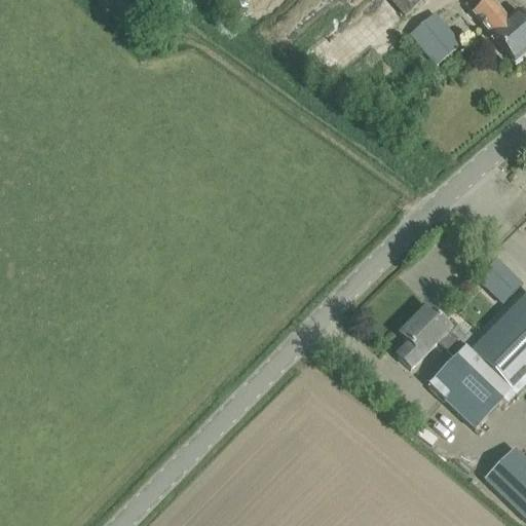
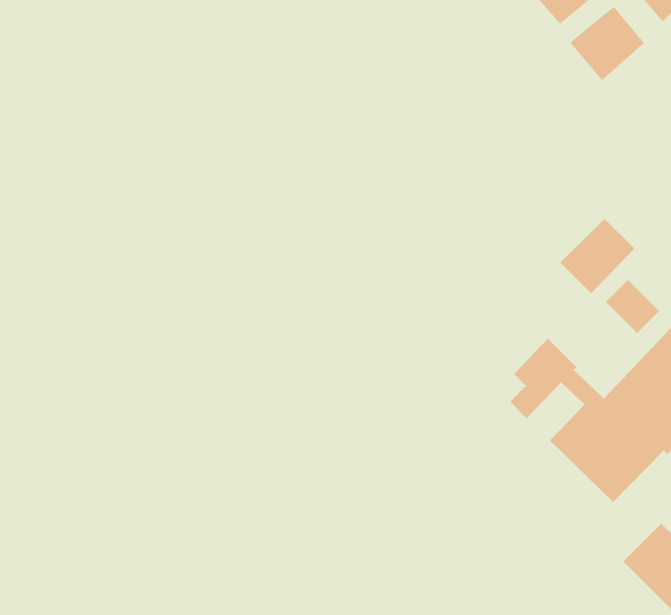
building: none -> [569,6,645,81]
building: none -> [560,218,635,294]

